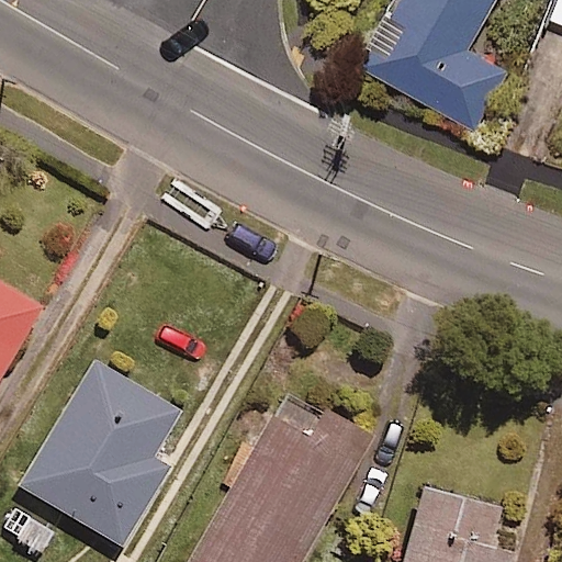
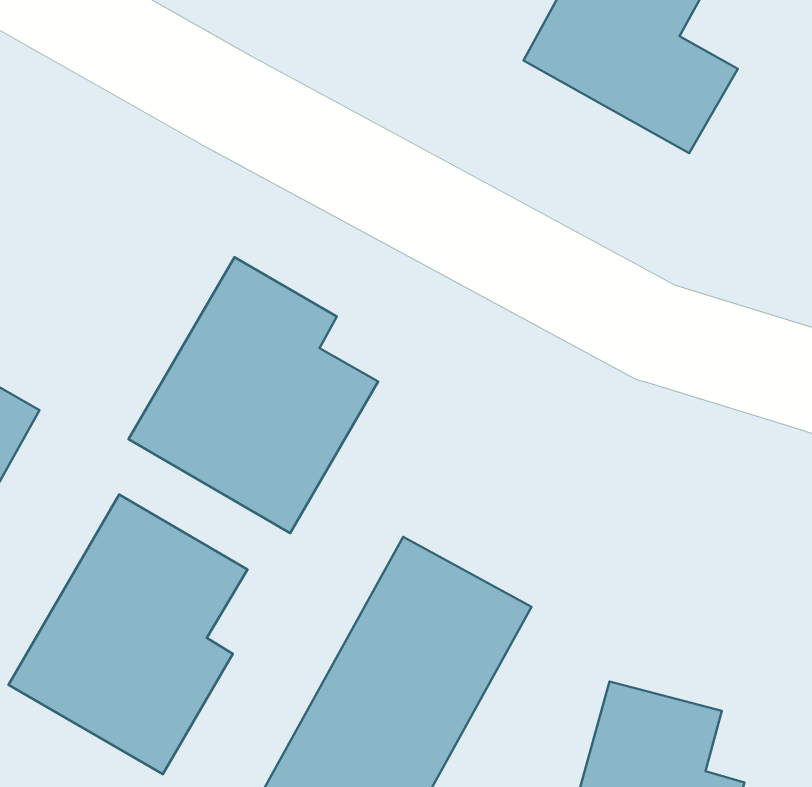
building: none -> [128,257,378,533]

